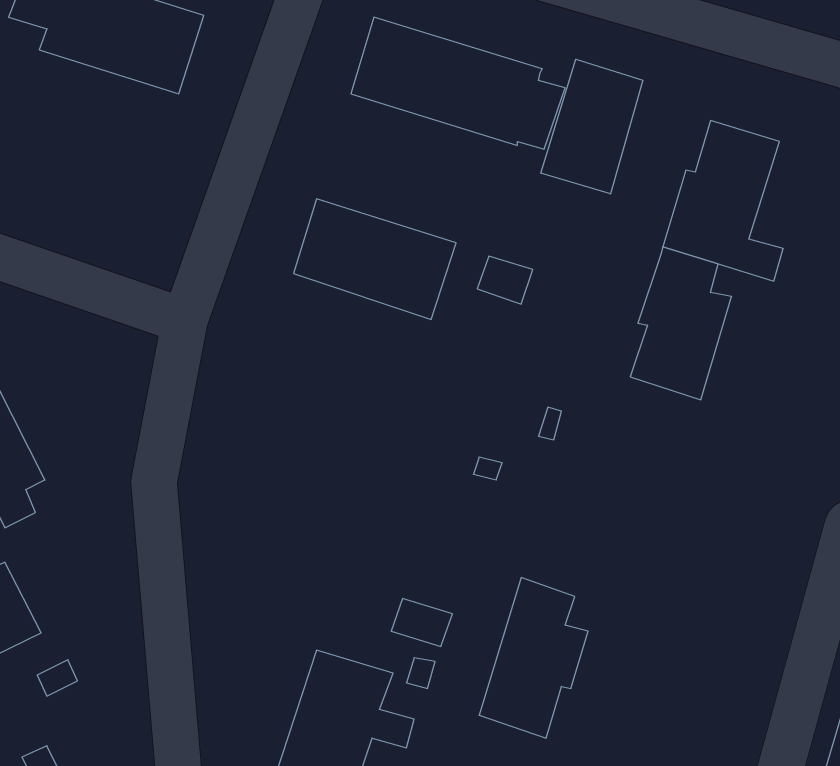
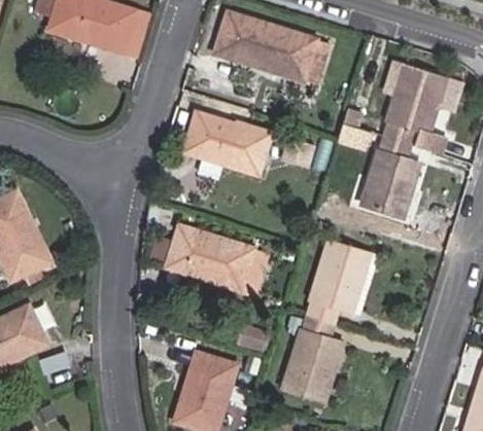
building: [541,59,643,194] -> none
building: none -> [166,224,266,291]
building: none -> [306,241,366,323]

